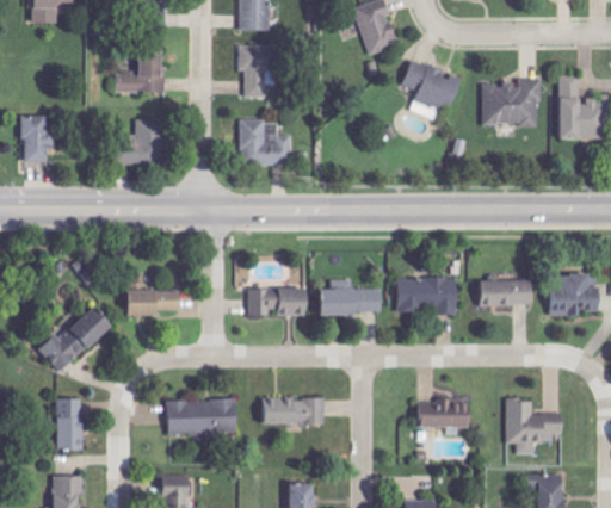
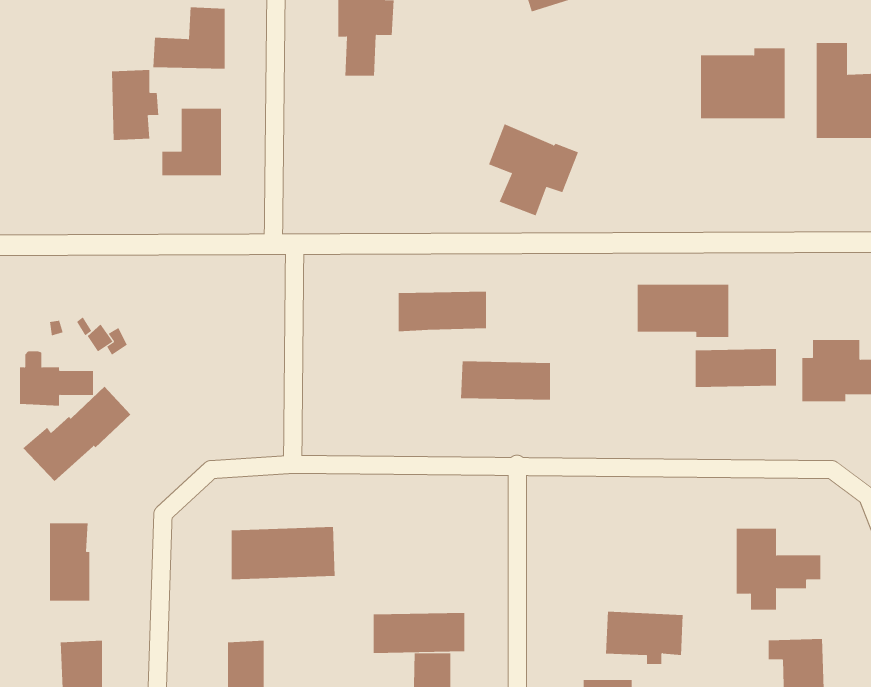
building: [402,58,463,120] -> [488,124,579,216]
building: [21,116,54,163] -> [111,69,159,141]
building: [239,120,291,165] -> none
building: [117,278,167,315] -> [19,351,94,406]
building: [396,279,458,315] -> [637,284,729,338]
building: [248,289,308,316] -> [398,291,487,332]
building: [263,398,325,426] -> [373,613,465,653]
building: [419,399,471,435] -> [605,611,684,664]

